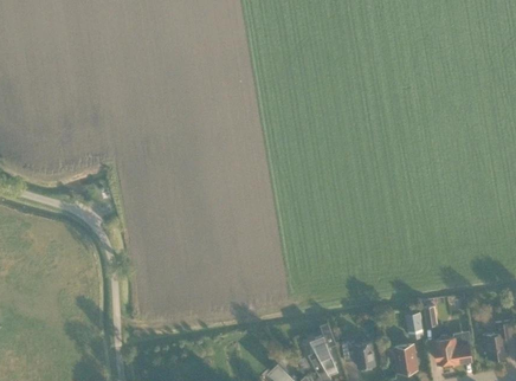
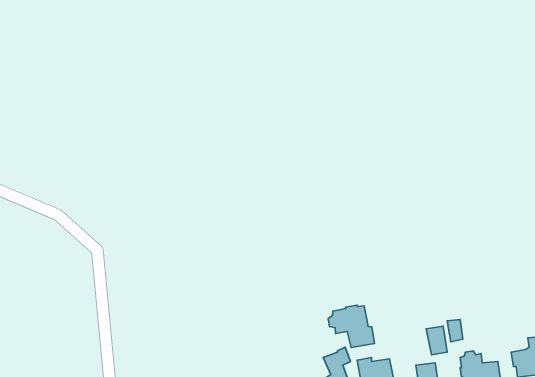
building: none -> [328,305,374,348]

